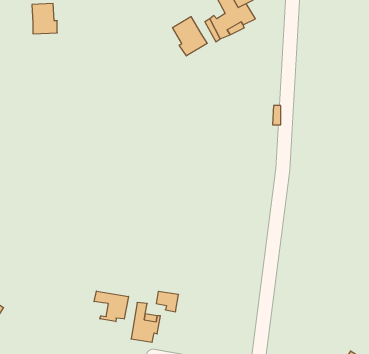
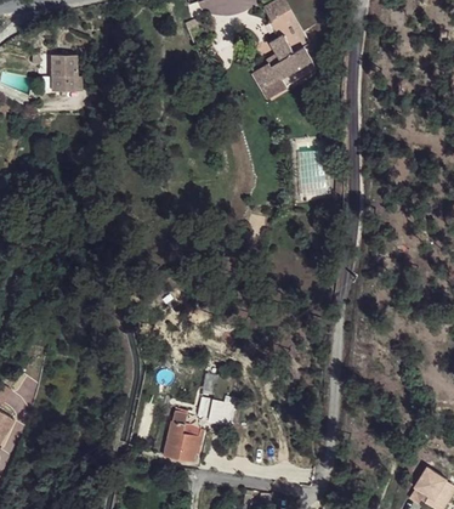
building: [173,17,207,56] -> none
building: [94,291,128,322] -> none

